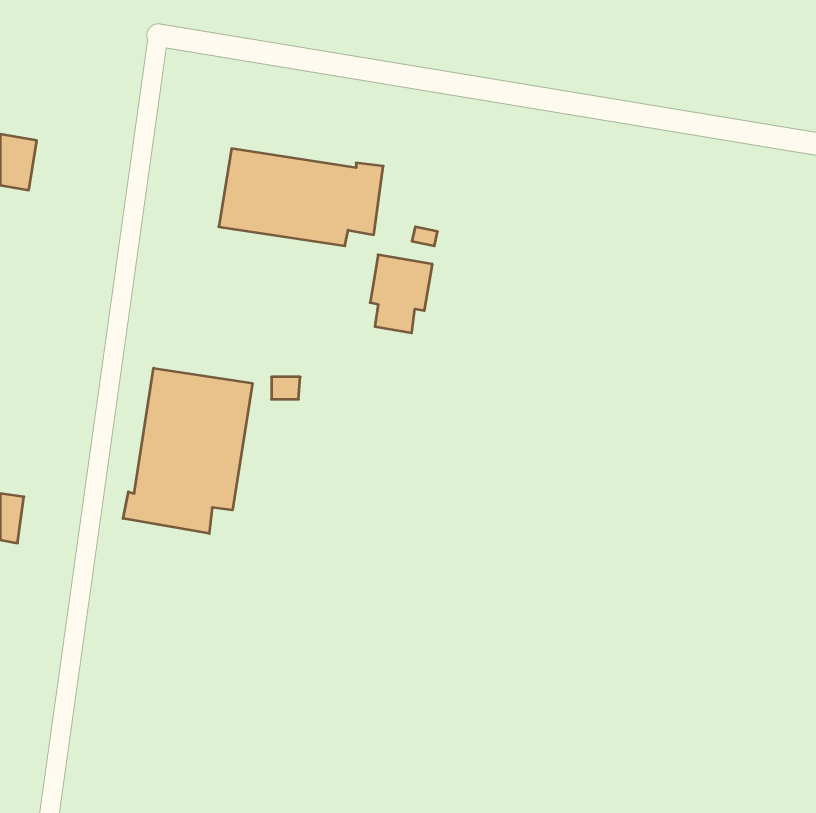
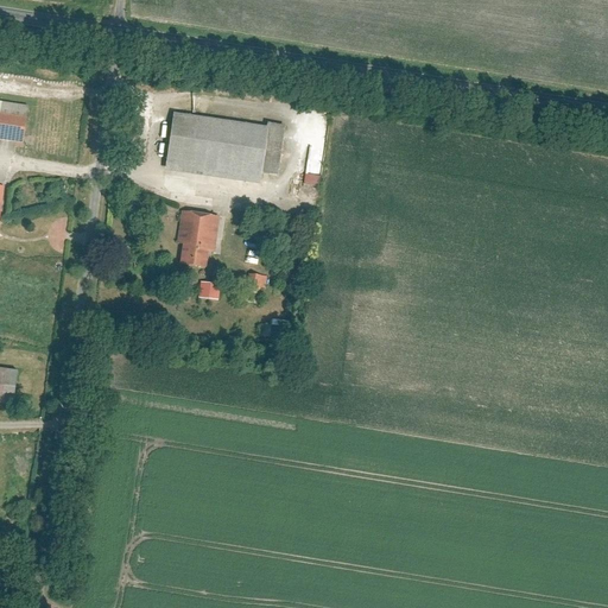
building: [370,255,432,333] -> [172,208,218,266]
building: [123,368,252,534] -> none

